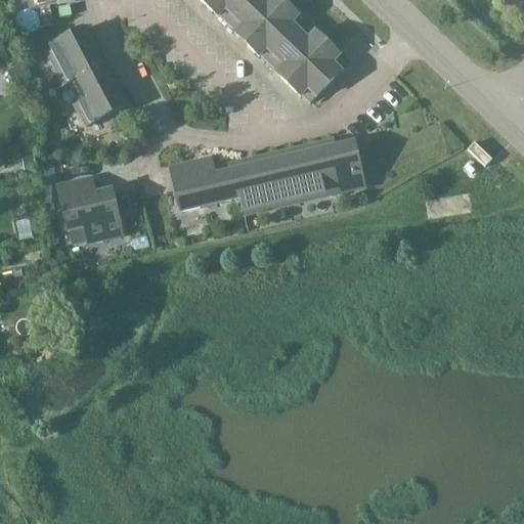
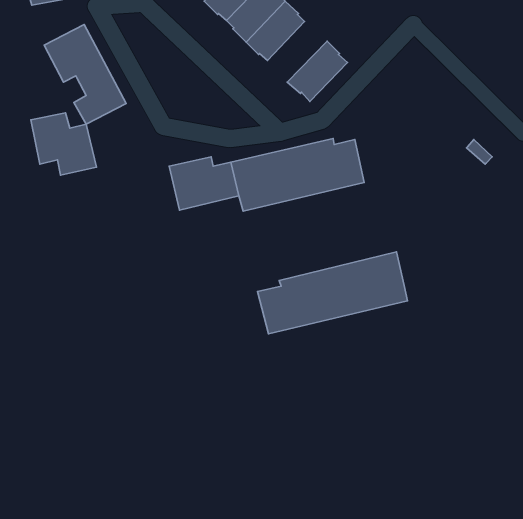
building: [267,21,326,82] -> none
building: [56,177,122,239] -> [31,113,96,175]
building: none -> [257,252,407,334]

